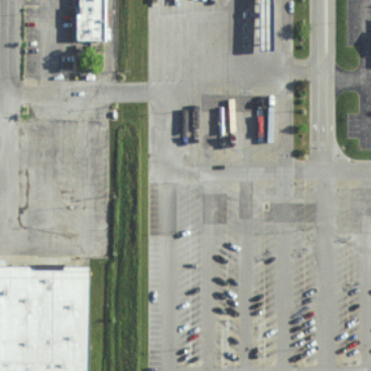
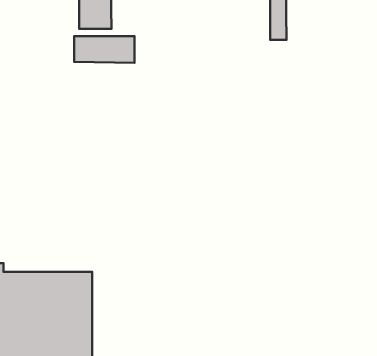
building: none -> [74,36,135,63]

